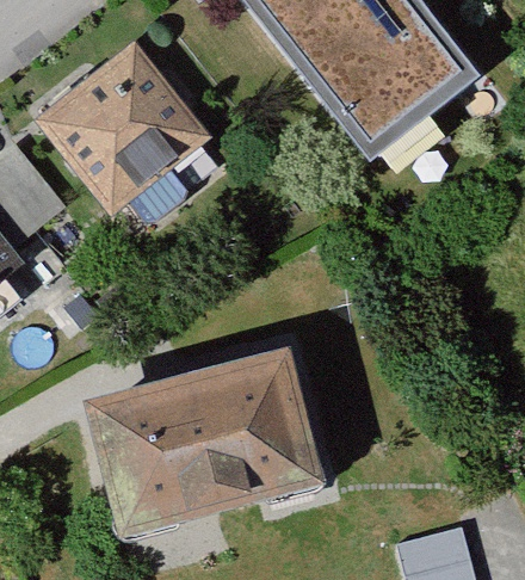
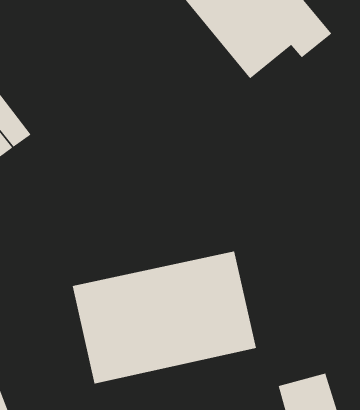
building: [33,64,187,232] -> none

